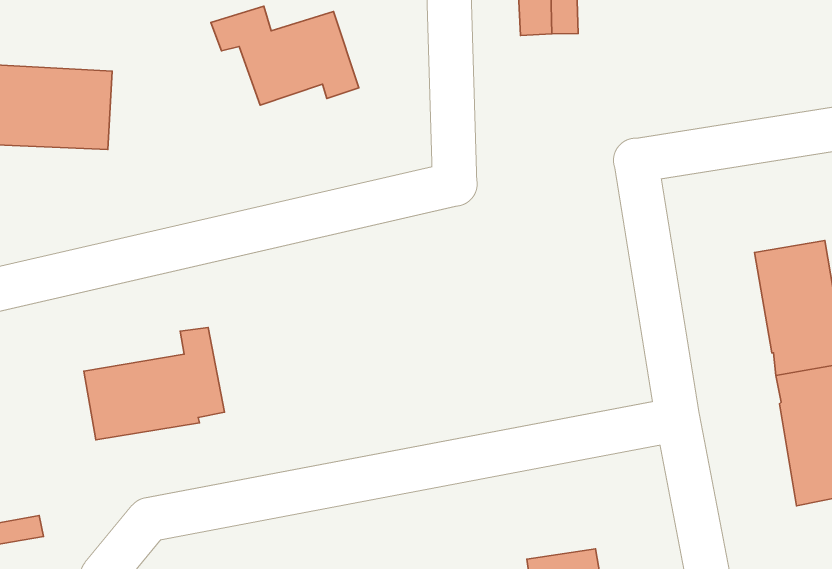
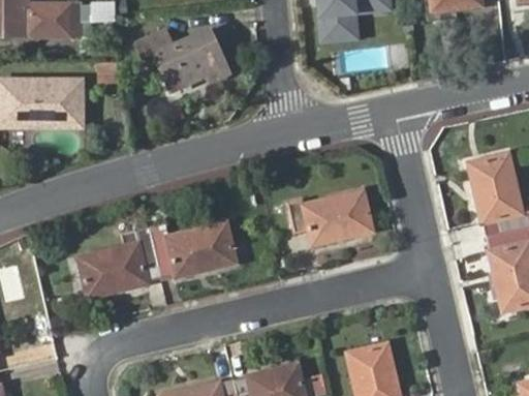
building: none -> [285,191,373,247]
building: none -> [148,221,237,275]

